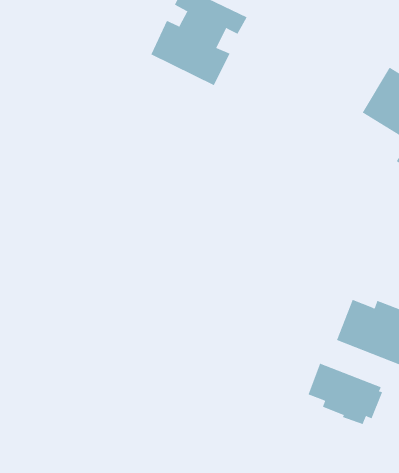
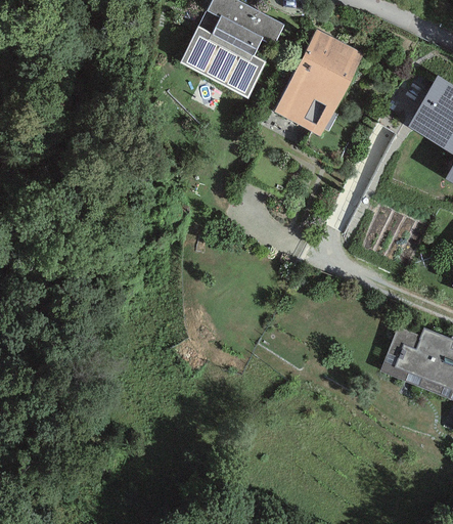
building: none -> [274,29,364,136]
building: [308,363,383,425] -> none

